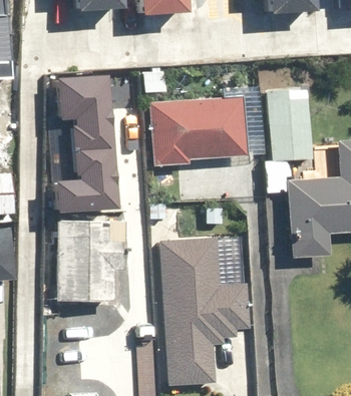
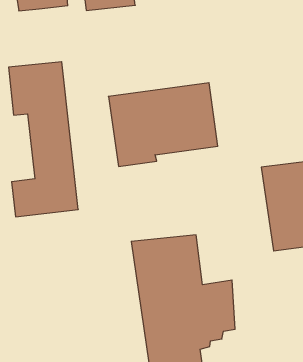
building: [267,86,313,161] -> none
building: [54,220,124,304] -> none

